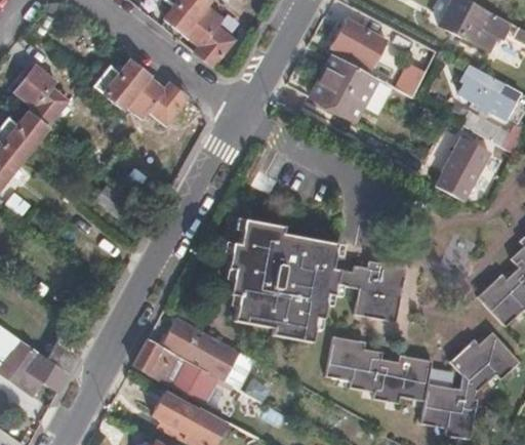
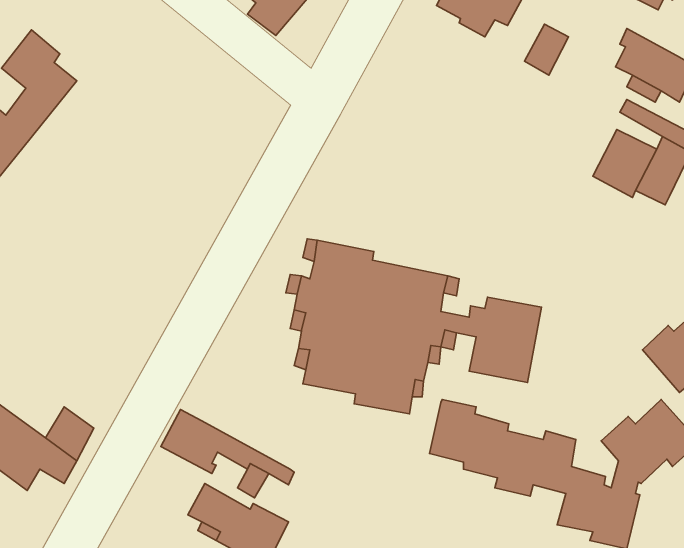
building: [309,53,376,120] -> none
building: [96,64,189,126] -> none
building: [161,317,240,381] -> none

